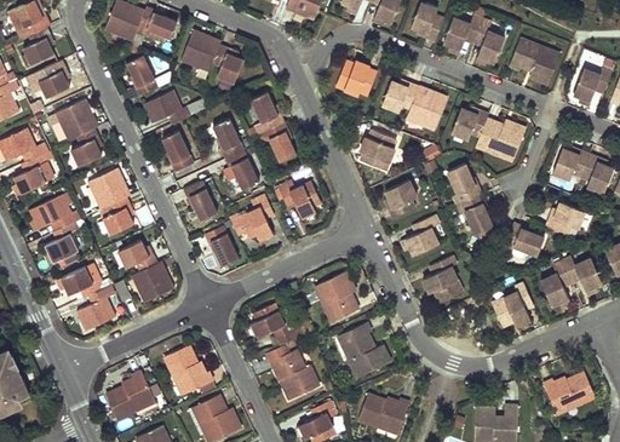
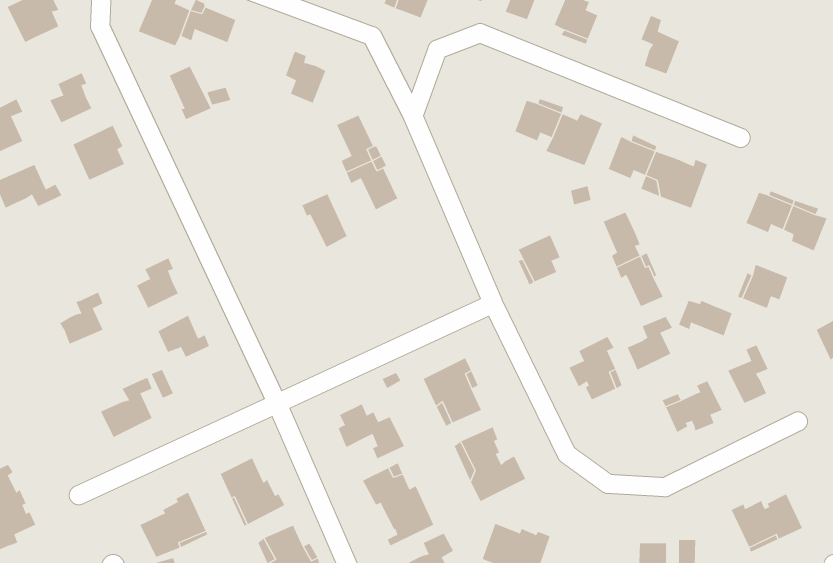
building: [443,15,483,48] -> none
building: [23,27,54,64] -> none
building: [182,30,219,73] -> none
building: [510,38,559,84] -> none
building: [338,61,375,96] -> none
building: [574,67,613,101] -> none
building: [144,90,195,124] -> none
building: [213,119,245,159] -> none
building: [71,128,102,166] -> none
building: [162,131,194,172] -> none
building: [360,131,395,168] -> none
building: [15,154,47,194] -> none
building: [87,168,127,209] -> none
building: [184,180,218,220] -> none
building: [277,180,322,219] -> none
building: [230,195,274,241] -> none
building: [30,196,81,229] -> none
building: [406,216,440,256] -> [627,316,673,370]
building: [205,225,239,265] -> none
building: [562,258,603,291] -> none
building: [131,263,174,303] -> none
building: [61,266,105,295] -> none

